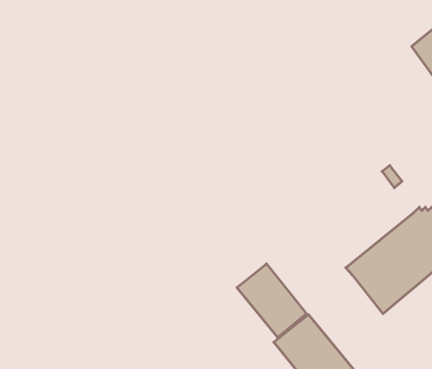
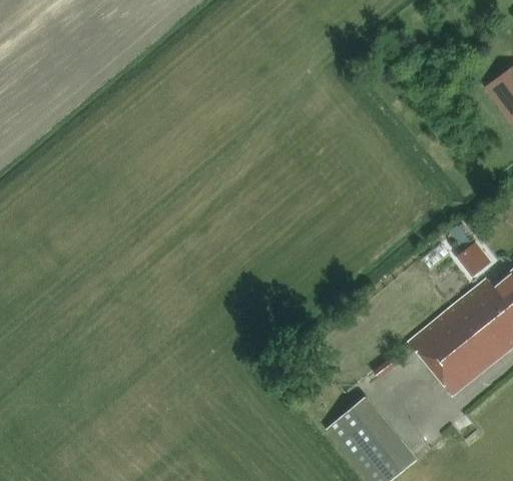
building: none -> [457,241,491,276]
building: [237,264,306,338] -> none

